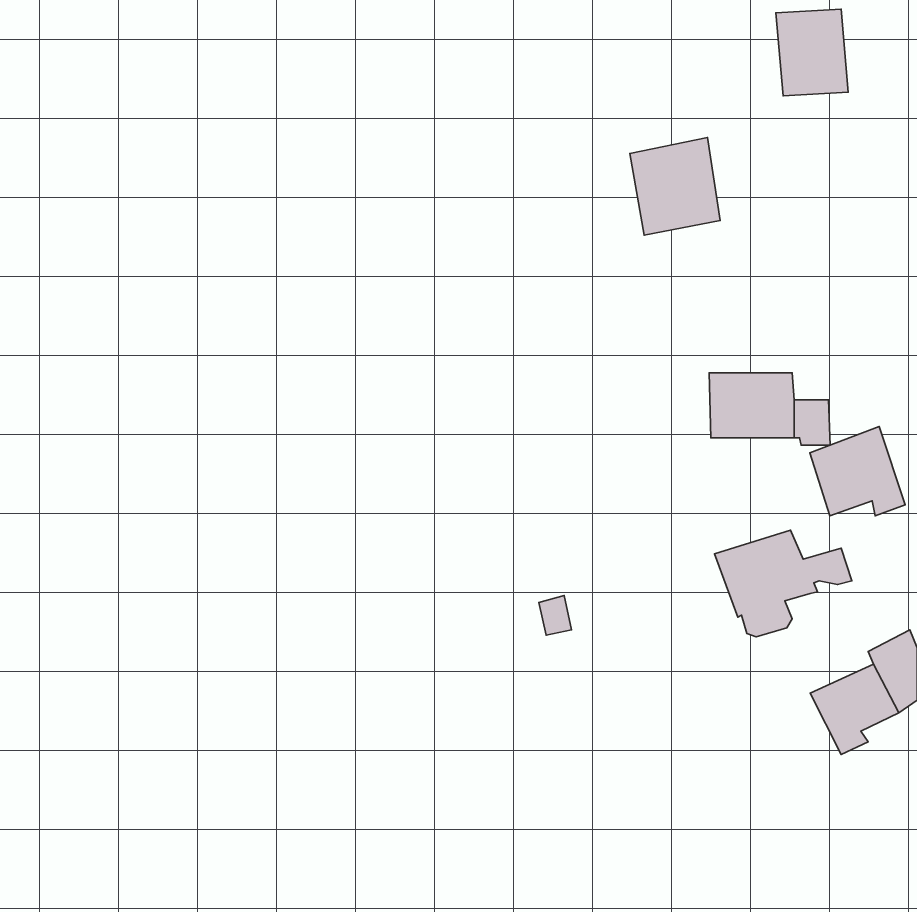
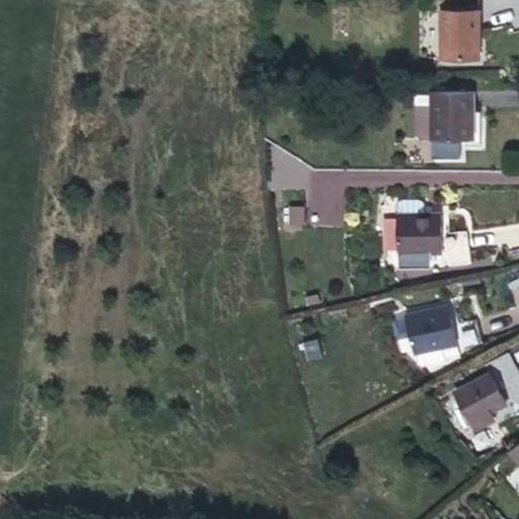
building: [630,137,720,235] -> [422,91,472,146]
building: [810,427,905,516] -> none

